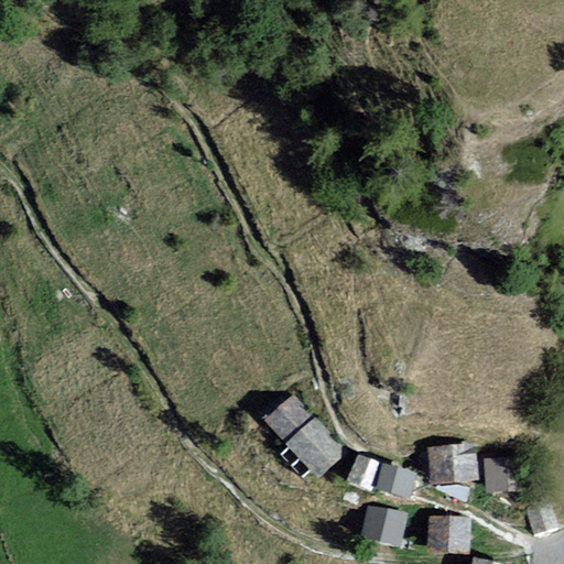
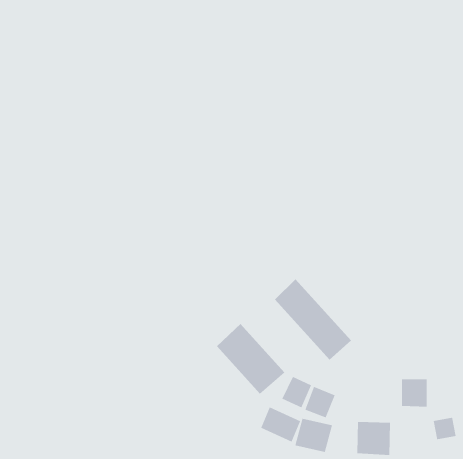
building: none -> [274,278,352,360]
building: [426,443,477,484] -> none
building: none -> [261,406,301,442]

